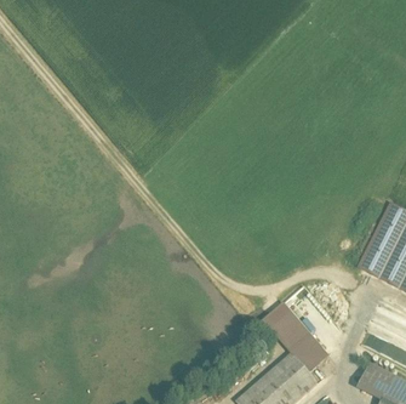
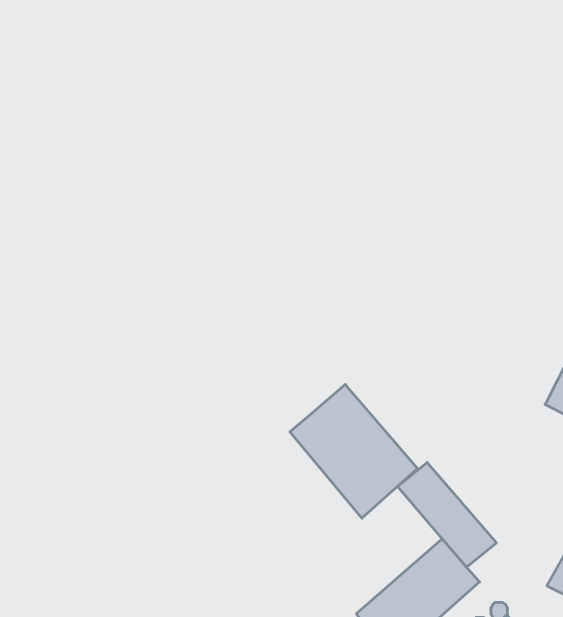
building: none -> [290,384,418,518]

